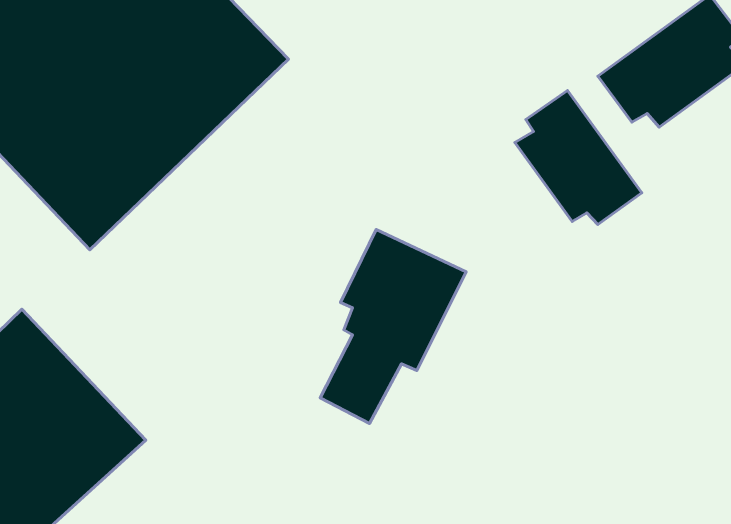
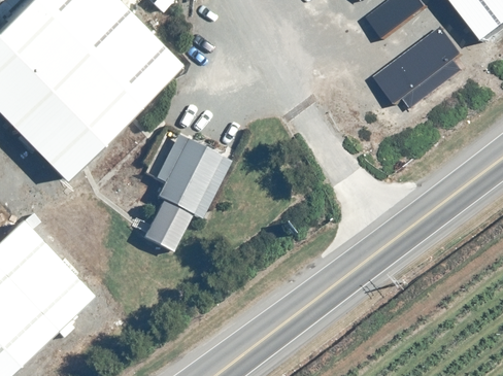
building: [515,90,642,224] -> none
building: [320,229,466,423] -> [144,134,233,251]

